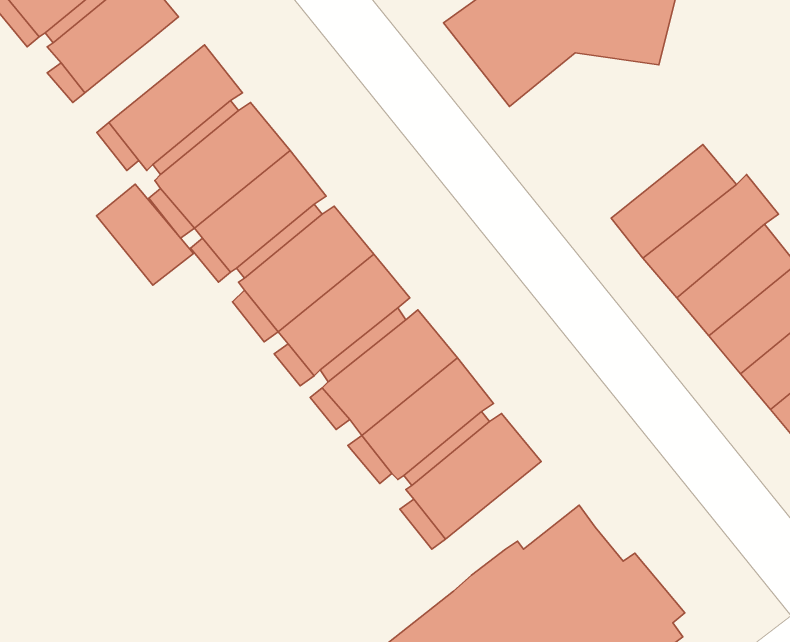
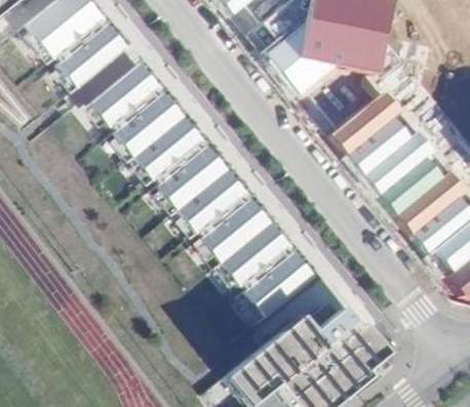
building: none -> [335,88,404,151]
building: [96,184,193,285] -> none

